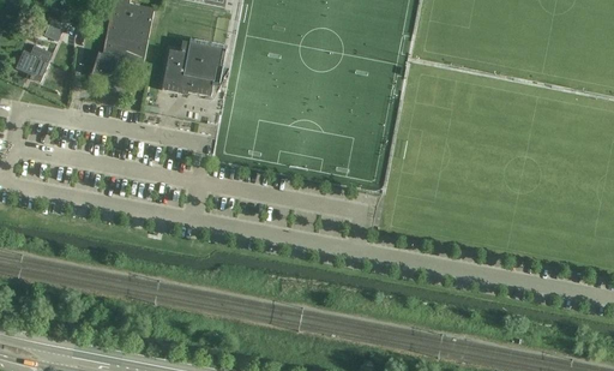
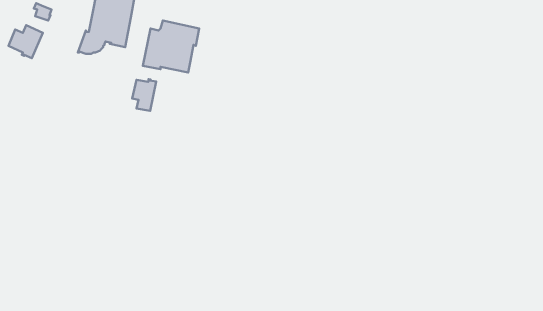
building: none -> [132,79,156,111]

